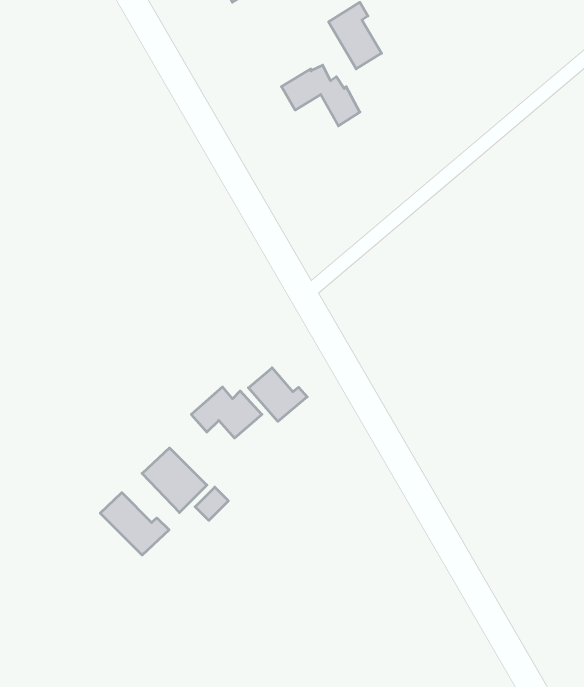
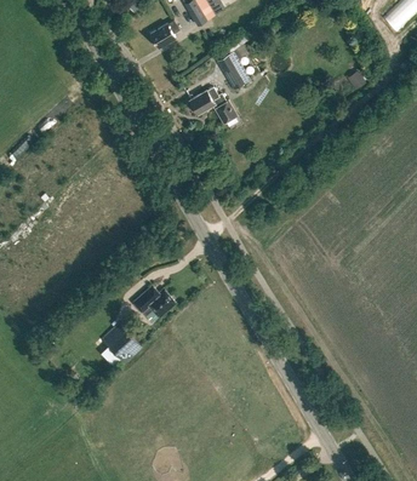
building: [248,368,307,421] -> none
building: [100,493,169,555] -> none

